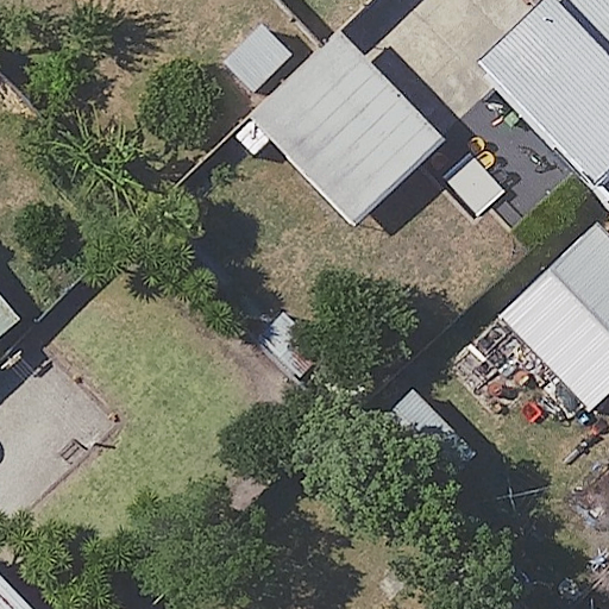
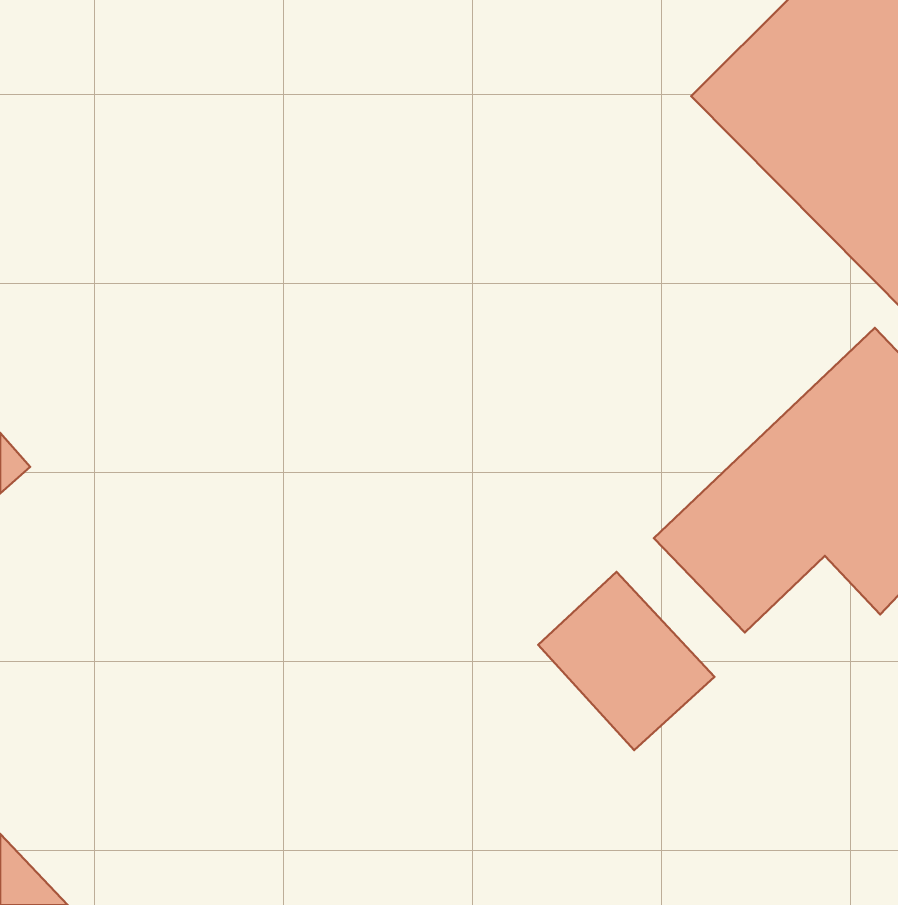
building: [259,36,446,224] -> none

